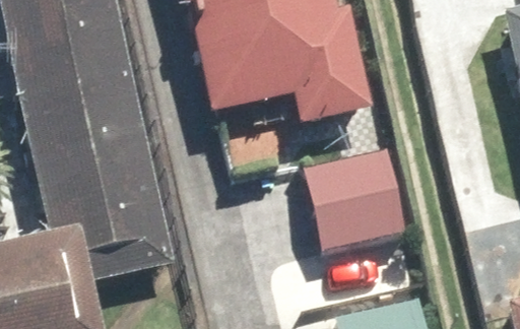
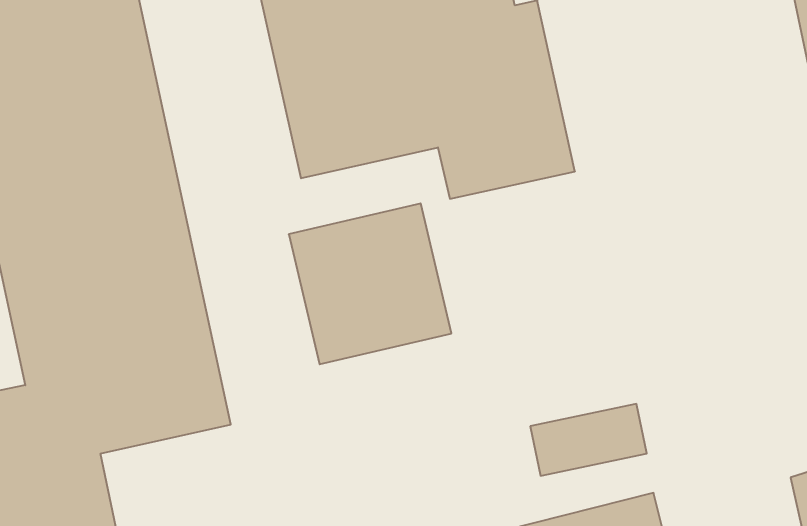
building: [308,150,404,246] -> [289,203,451,364]

